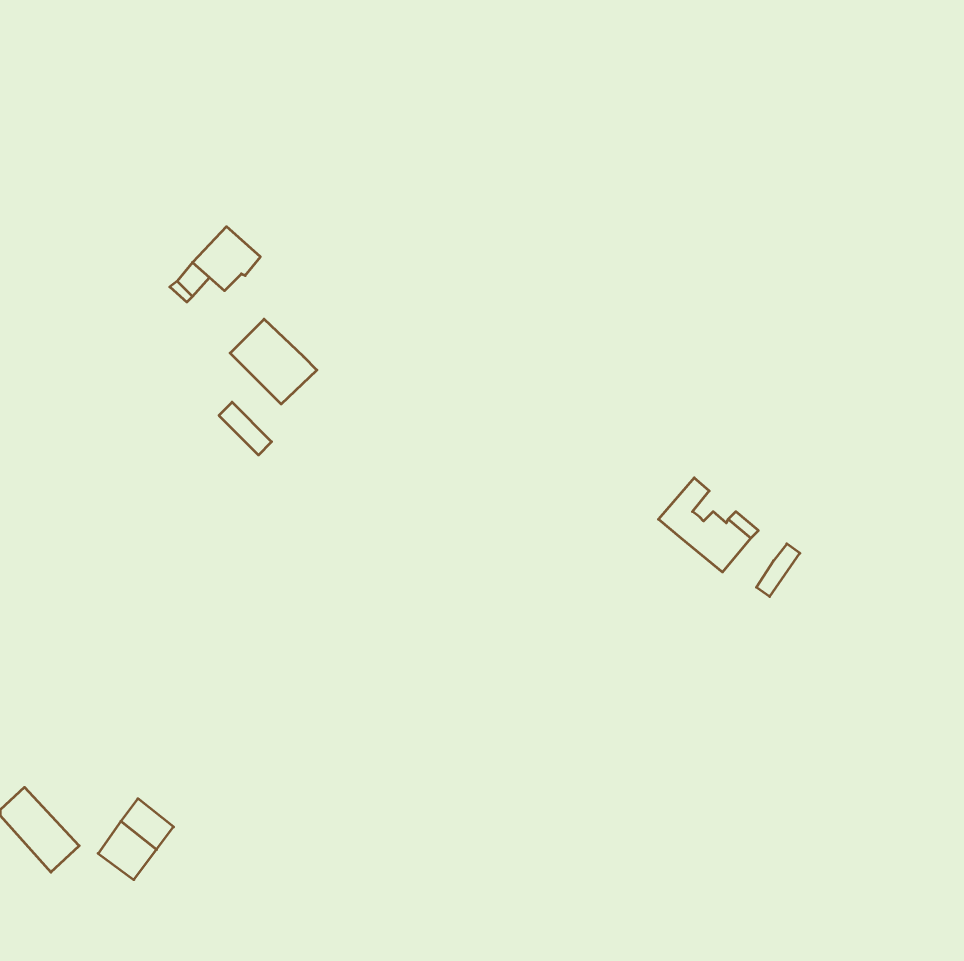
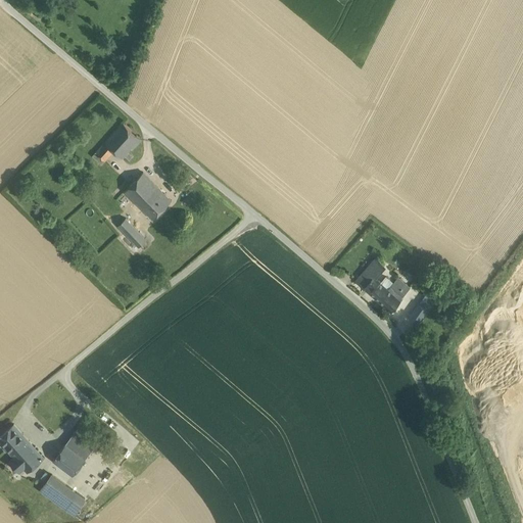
building: none -> [40,476,85,516]

